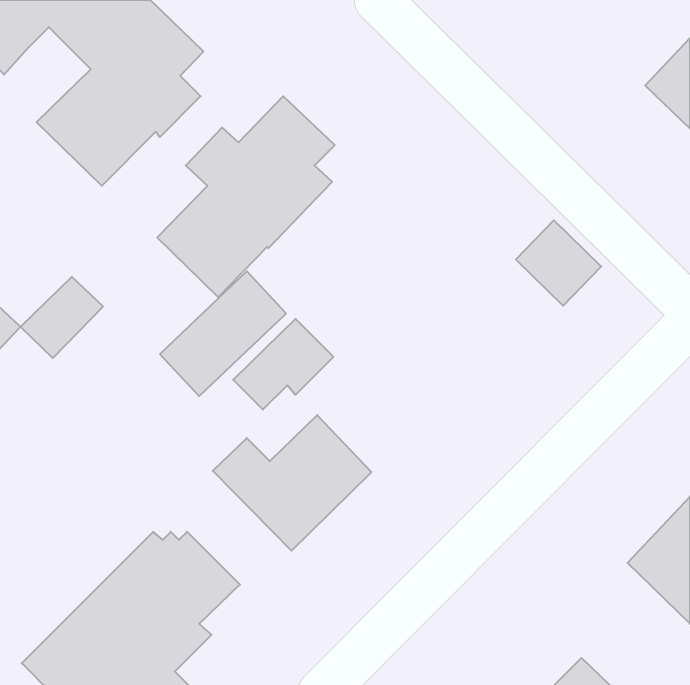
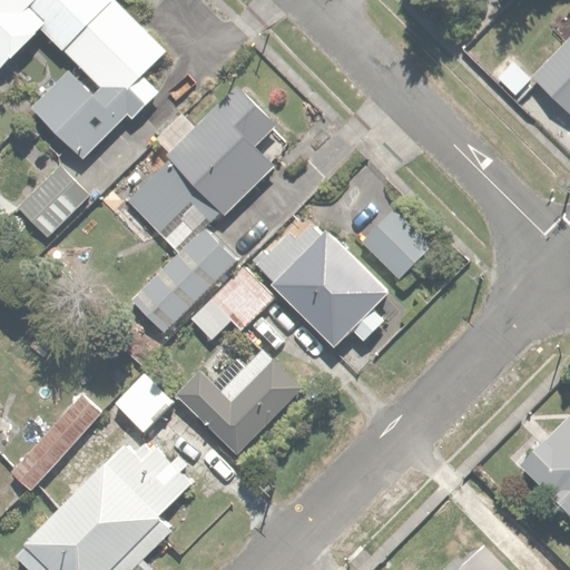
building: [516,220,601,306] -> [361,209,431,279]
building: none -> [250,222,391,348]
building: [20,277,103,358] -> [19,170,87,237]
building: none -> [112,374,174,435]
building: none -> [7,395,106,494]

